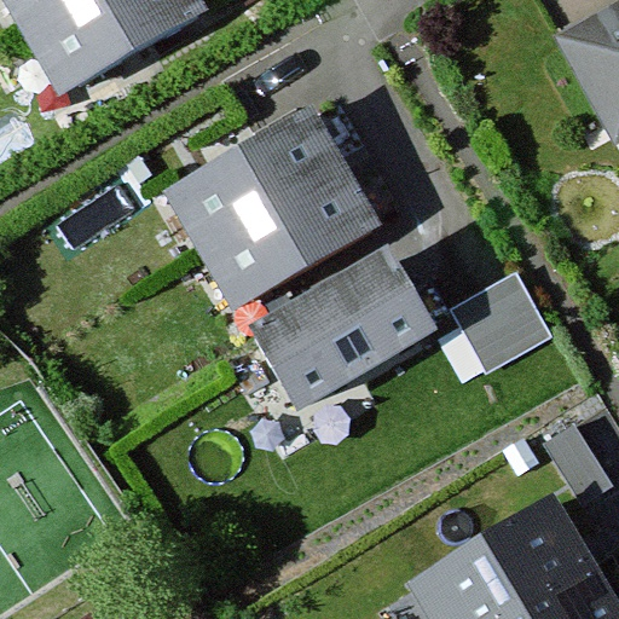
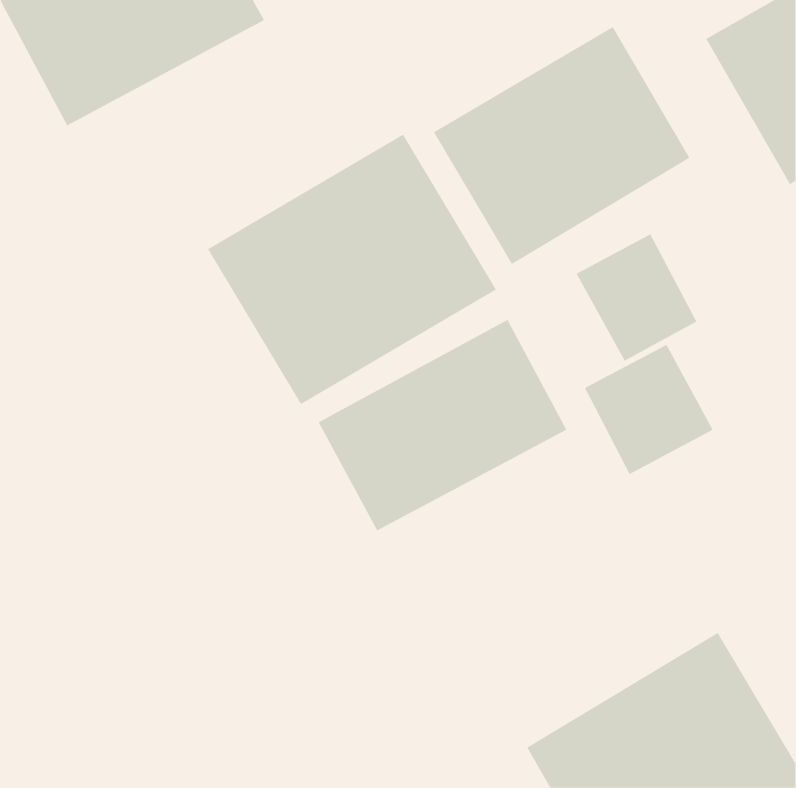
building: none -> [433,26,690,265]
building: none -> [576,234,697,362]

